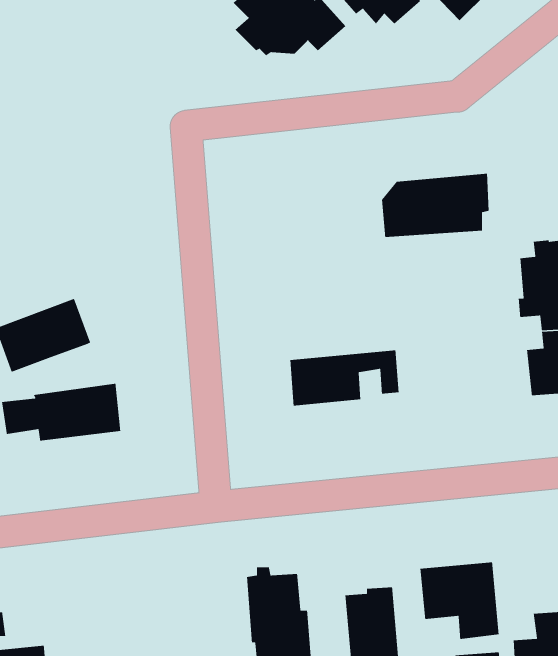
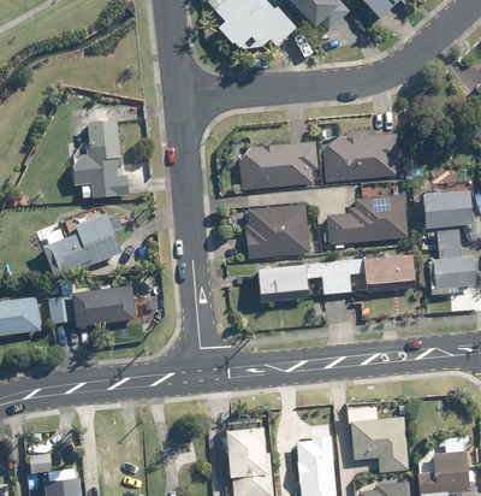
building: none -> [75,120,130,197]
building: none -> [234,142,319,194]
building: none -> [326,191,408,249]
building: none -> [244,205,310,260]
building: none -> [333,255,414,294]

